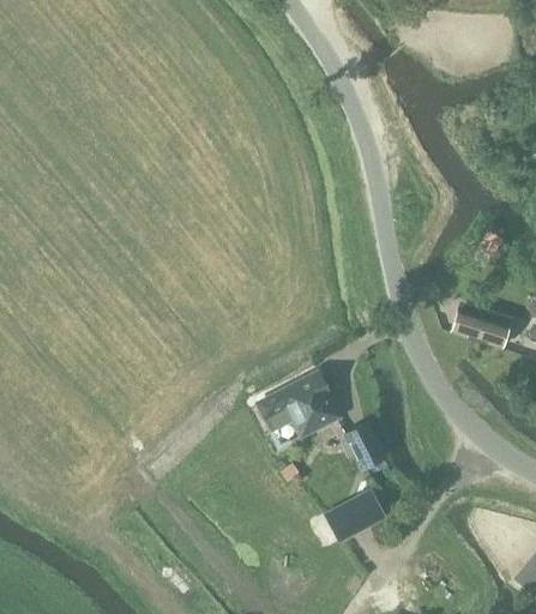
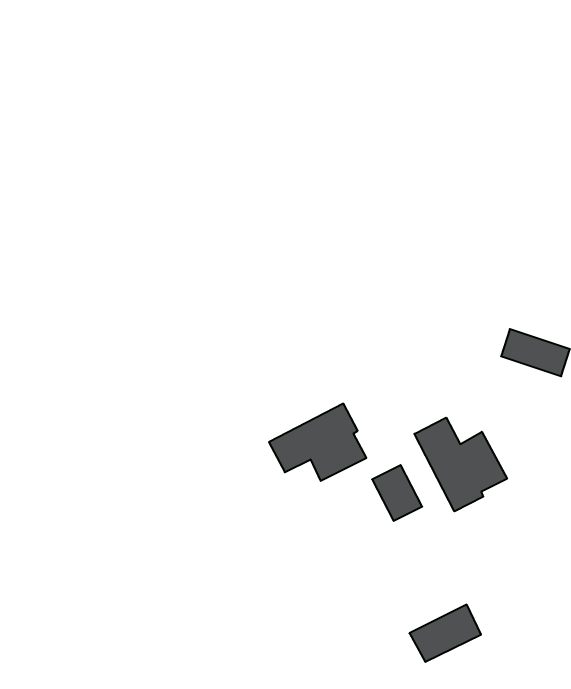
building: none -> [414,418,507,511]
building: [326,488,386,536] -> [409,605,481,662]

